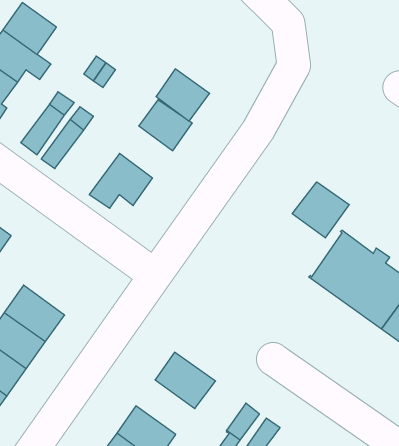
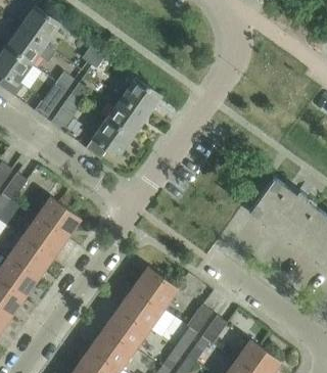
building: [156,69,210,121] -> [107,98,147,137]
building: [292,182,349,238] -> none
building: none -> [36,197,81,239]
building: none -> [120,287,164,328]

